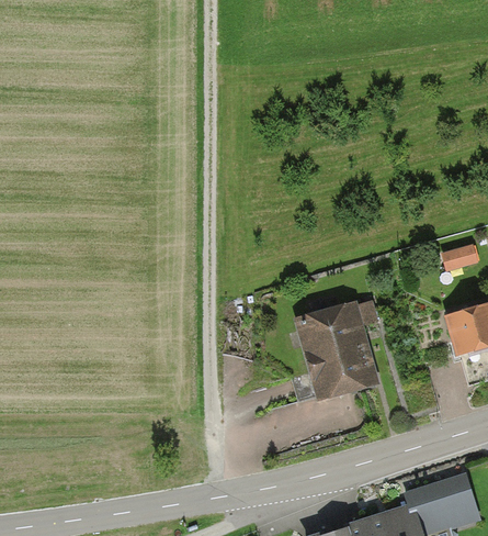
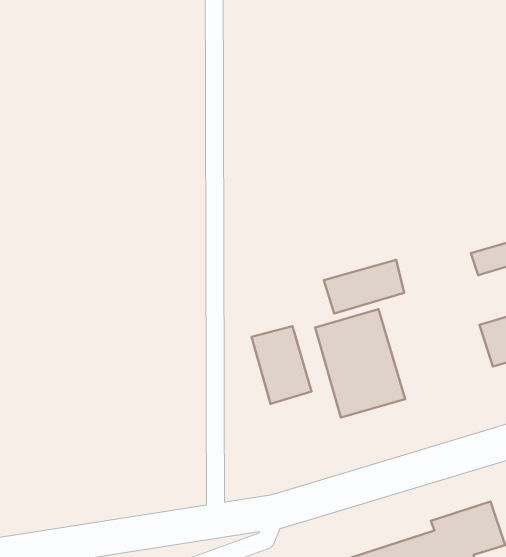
building: none -> [324,260,404,313]
building: none -> [251,326,312,404]

